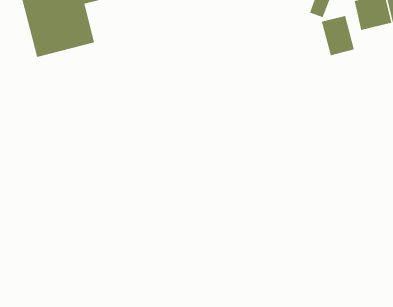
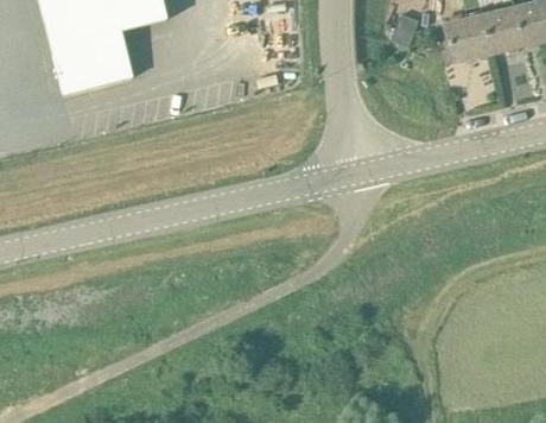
building: [321,15,355,56] -> none

